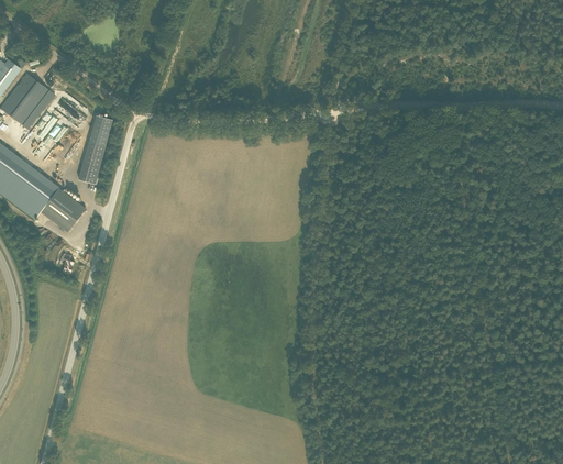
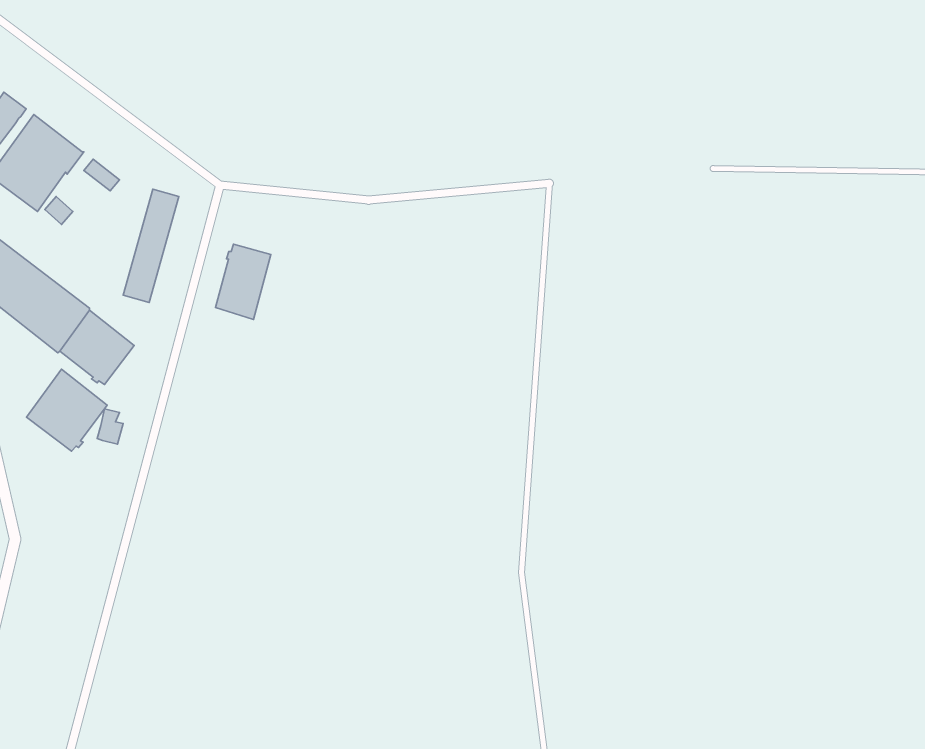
building: none -> [215,244,271,319]
building: none -> [27,369,107,451]

